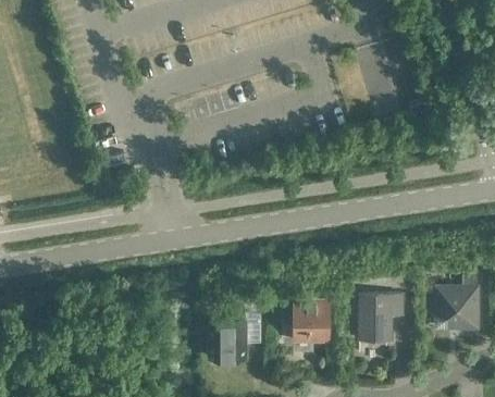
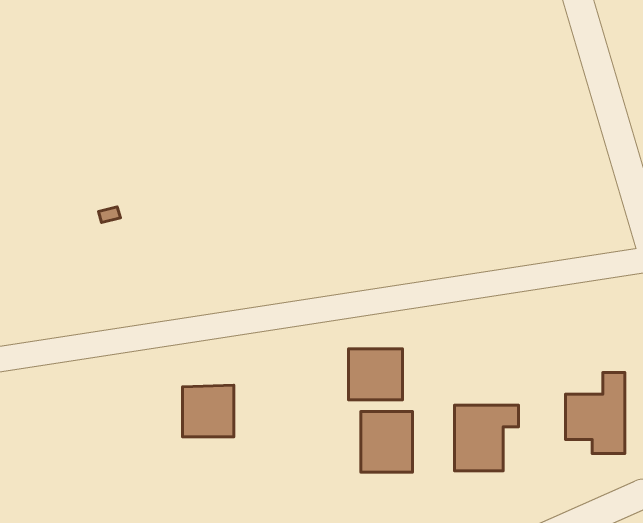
building: none -> [348,349,403,400]
building: [210,321,246,357] -> [182,385,234,437]

